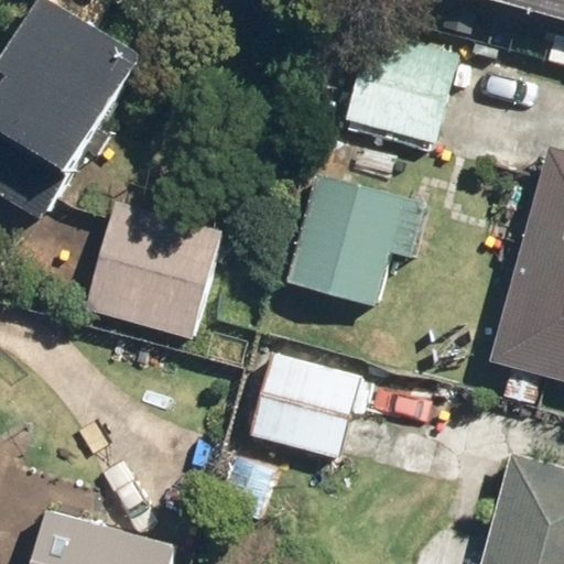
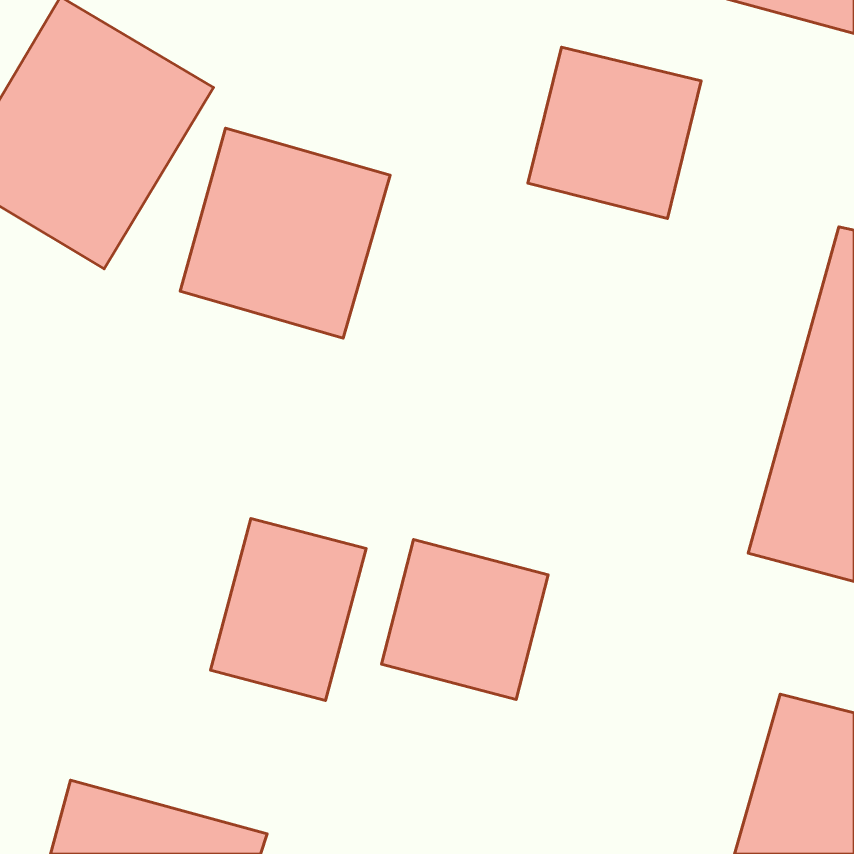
building: [289,176,426,307] -> none
building: [85,202,223,339] -> [180,128,390,338]
building: none -> [210,518,366,700]

